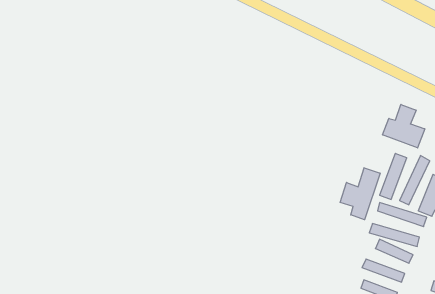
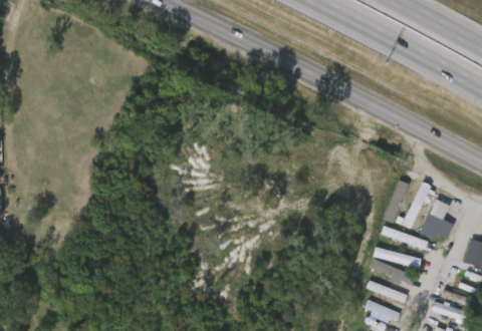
building: [383,104,425,148] -> none
building: [340,168,380,220] -> none

